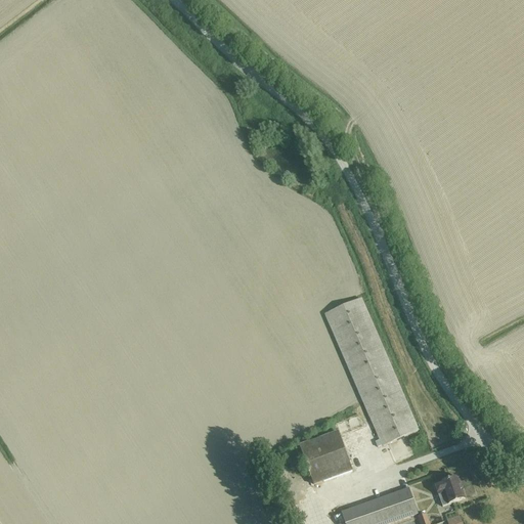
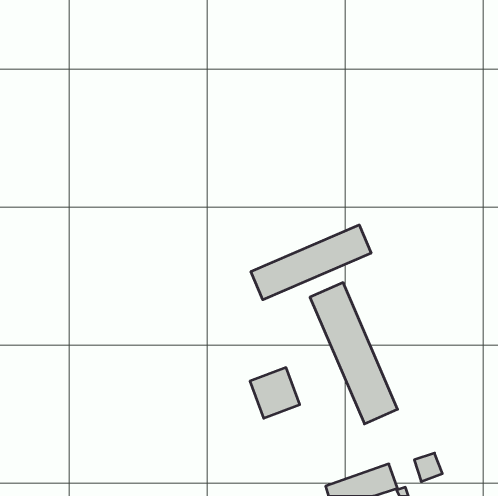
building: none -> [251,225,371,300]
building: [300,431,352,484] -> [250,368,300,418]

